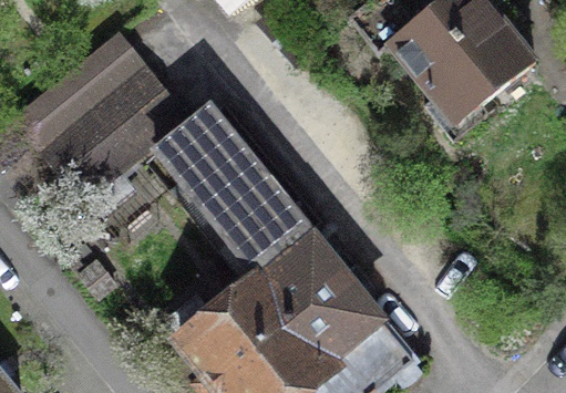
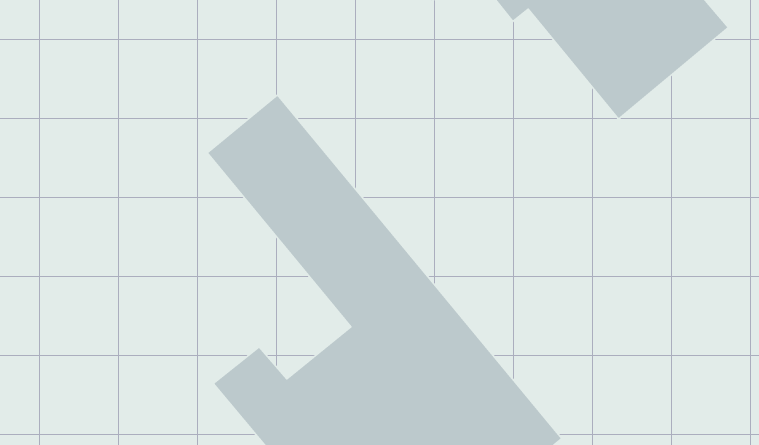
building: [37,60,182,195] -> none

